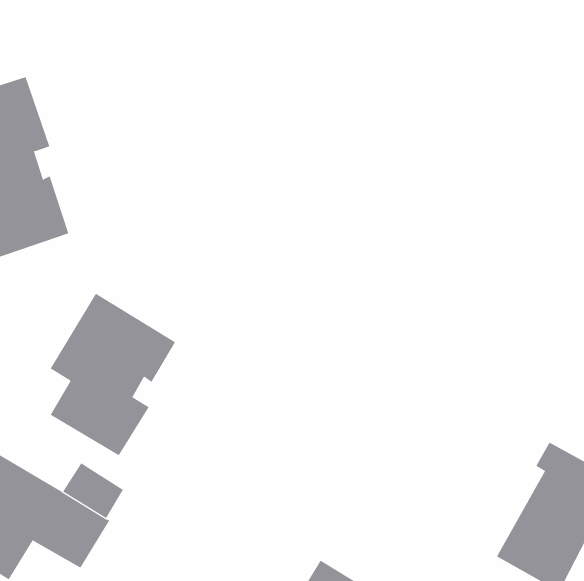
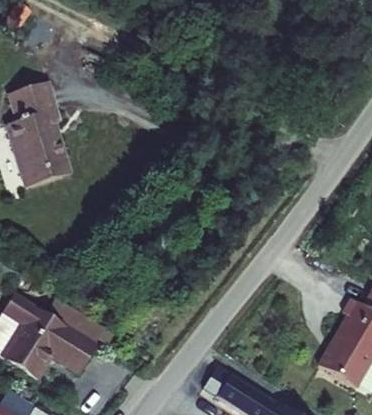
building: [50,293,176,456] -> none

